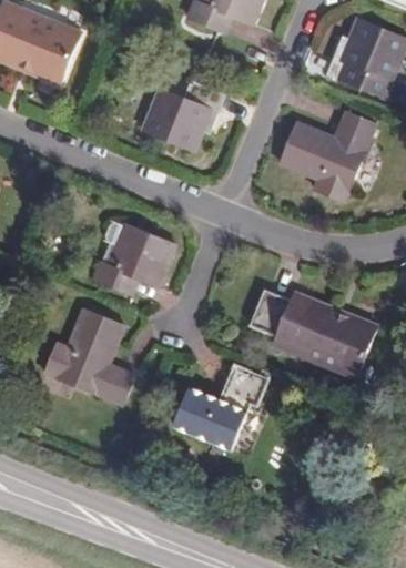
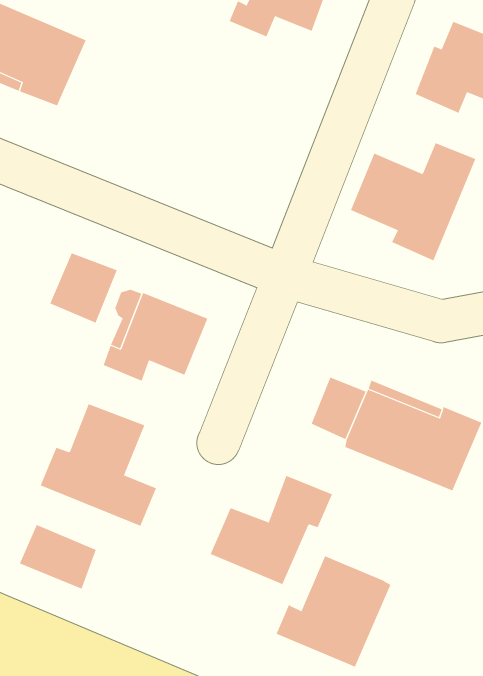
building: [142,82,223,151] -> none
building: none -> [50,252,118,324]
building: none -> [19,524,97,589]
building: none -> [276,555,391,667]

